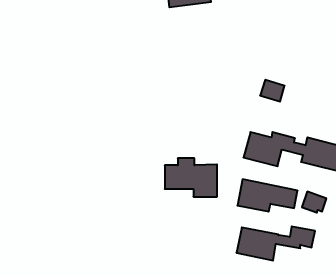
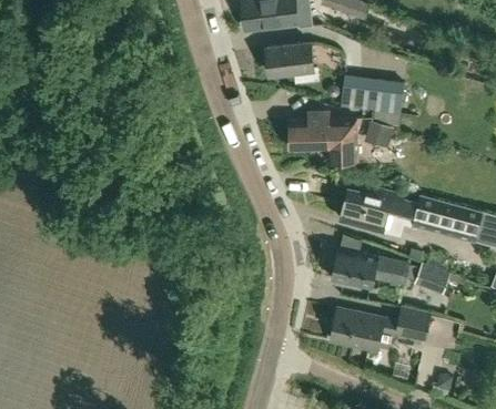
building: none -> [267,43,318,82]
building: none -> [344,74,406,113]
building: [165,158,217,197] -> [292,112,358,161]

